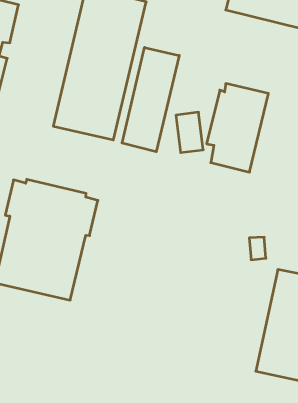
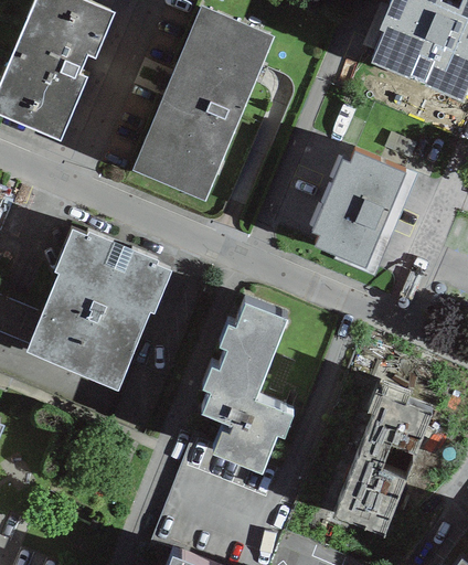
building: [122,47,179,152] -> none
building: none -> [201,302,294,472]

